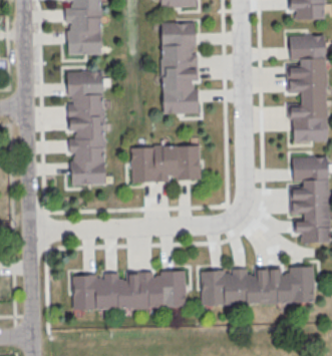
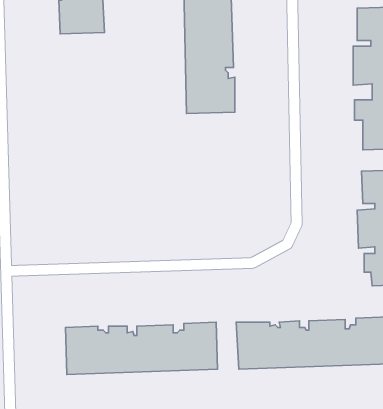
building: [67,72,105,187] -> none
building: [131,144,202,183] -> none

